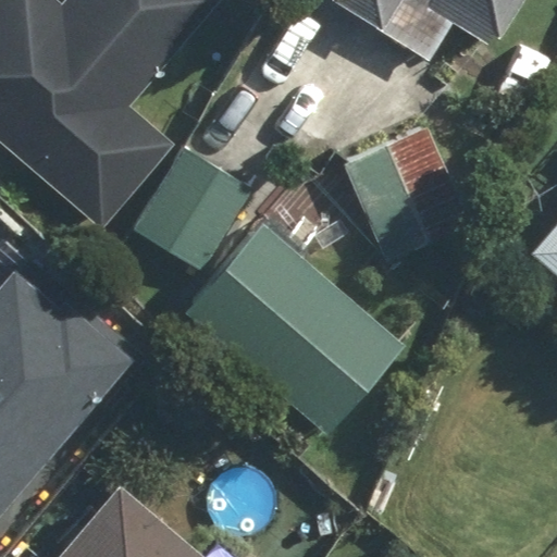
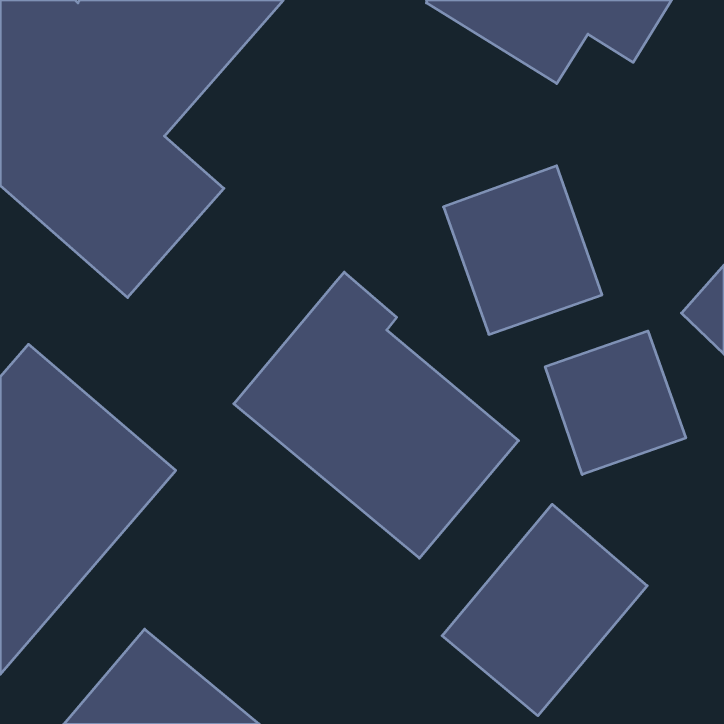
building: [131,146,250,270] -> none
building: none -> [545,331,686,475]
building: none -> [442,504,647,716]

